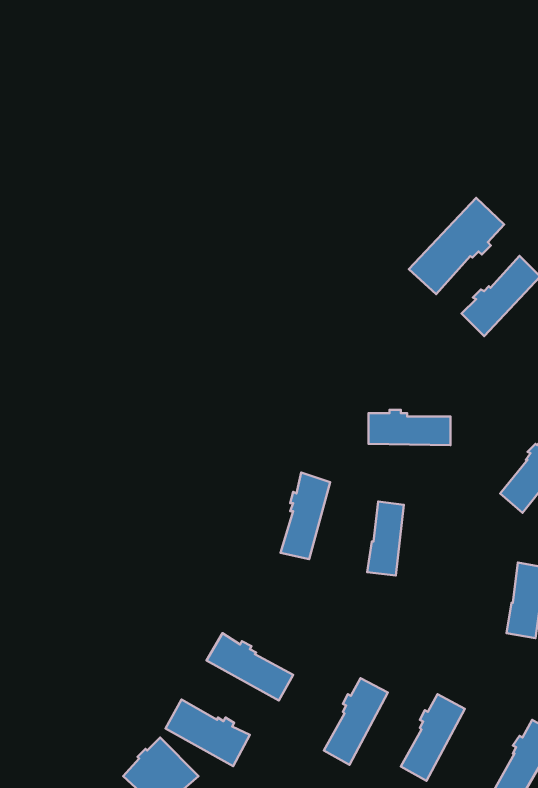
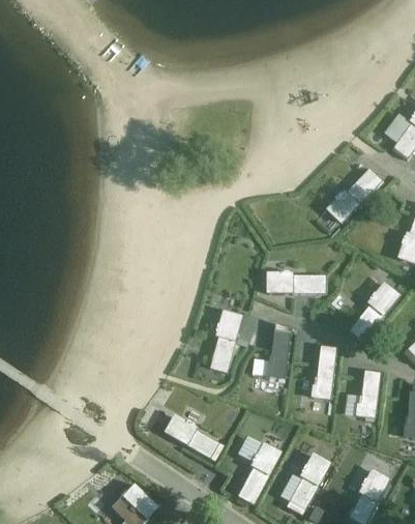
building: [409,198,504,294] -> none
building: none -> [312,346,334,392]
building: [166,699,250,766] -> none

